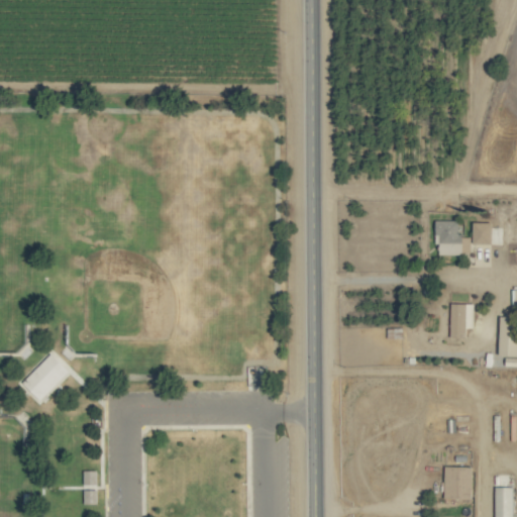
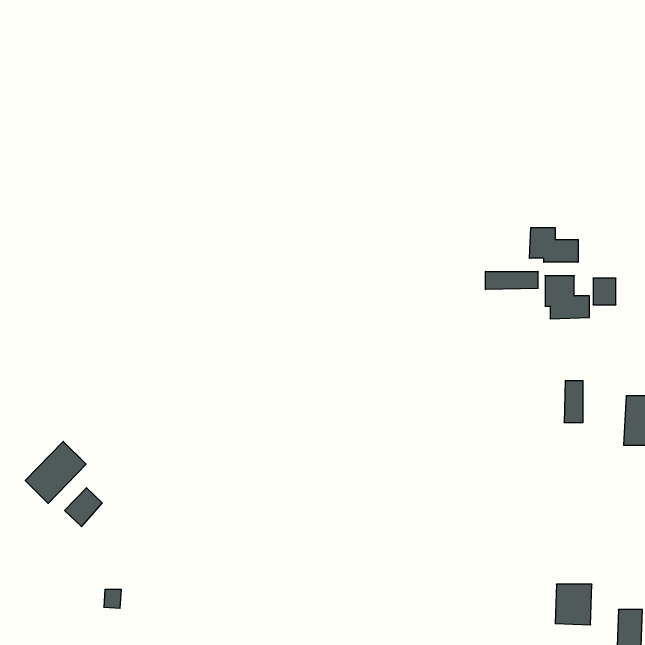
building: none -> [529,228,578,262]
building: none -> [486,271,538,290]
building: none -> [65,488,102,527]

